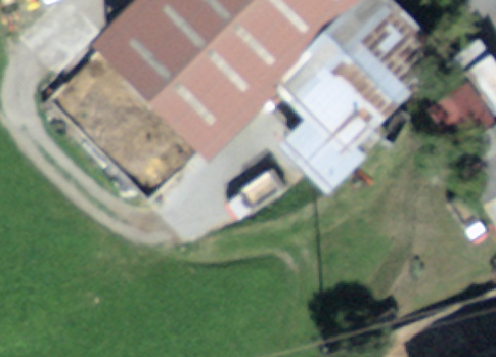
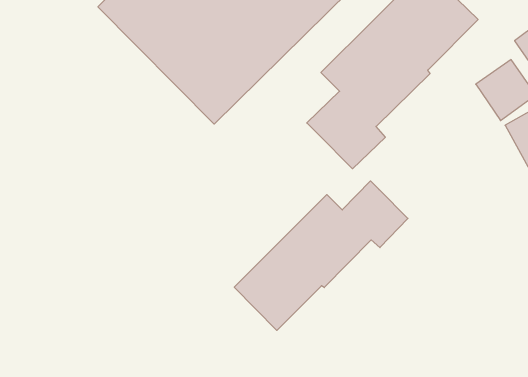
building: none -> [234,181,408,330]

